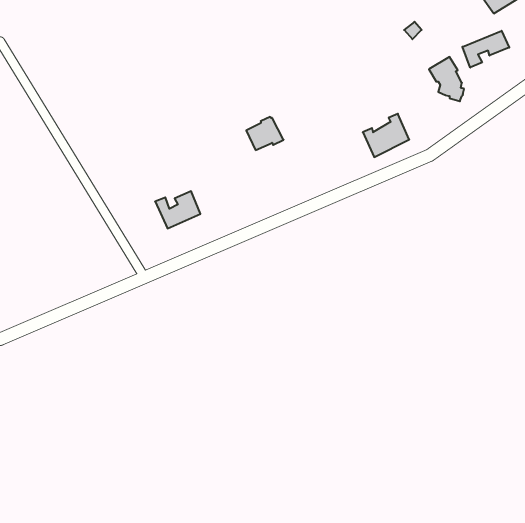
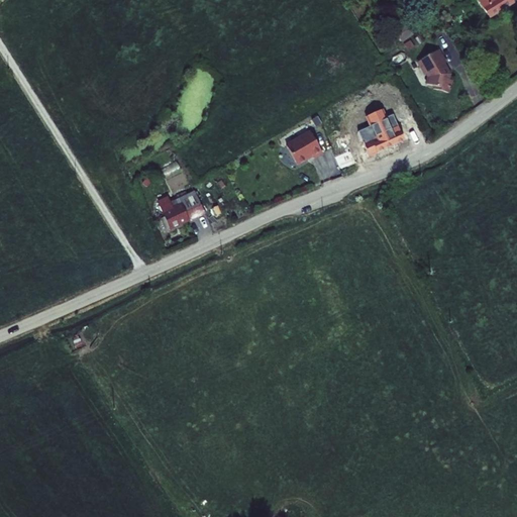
building: [462,31,509,68] -> none
building: [246,117,284,150] -> [287,130,323,163]

